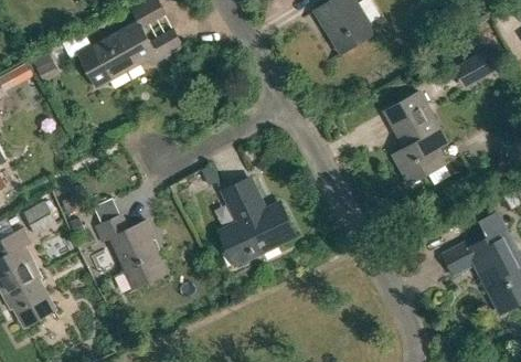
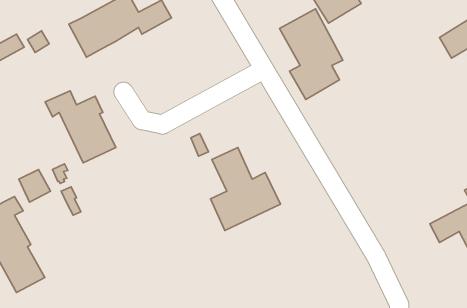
building: [382,92,446,183] -> [280,9,343,99]
building: [94,214,166,287] -> [45,91,116,163]

